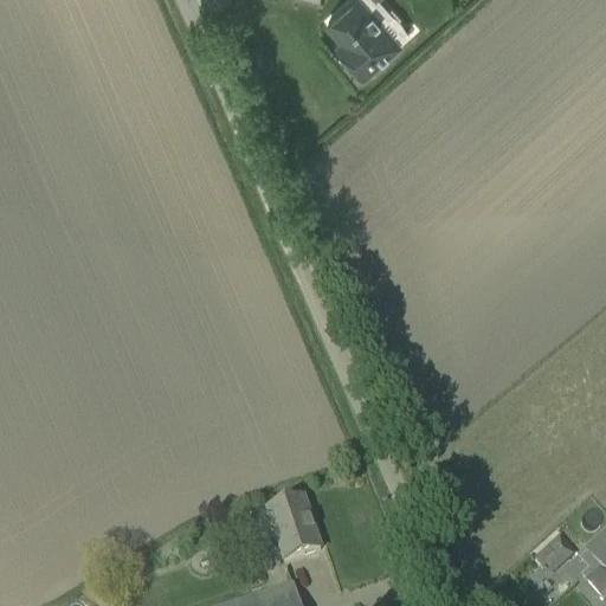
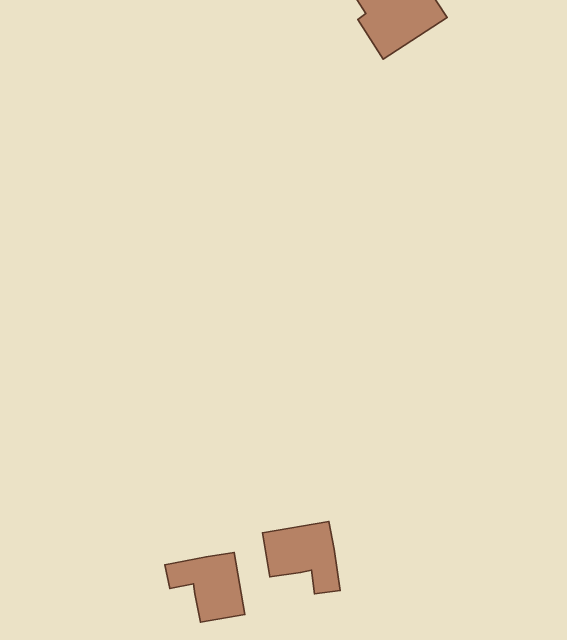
building: none -> [262,521,340,594]

